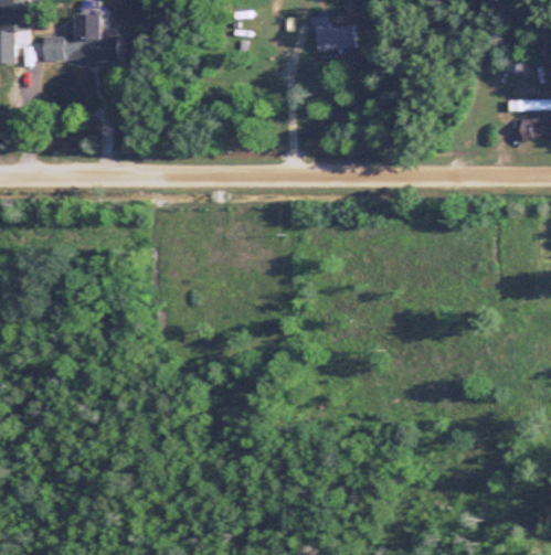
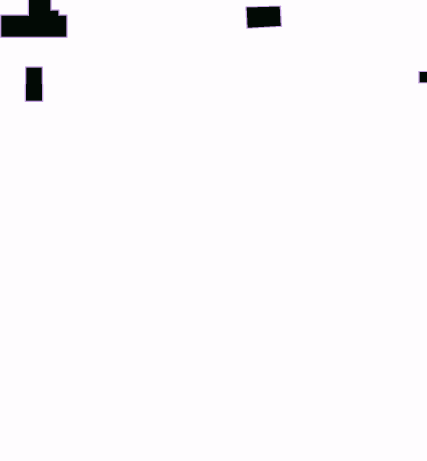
building: none -> [26,67,43,101]

